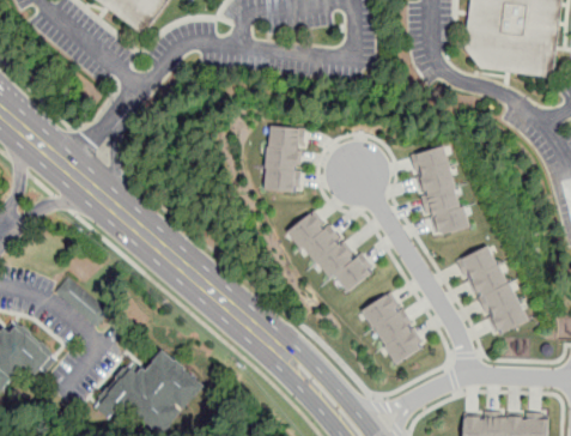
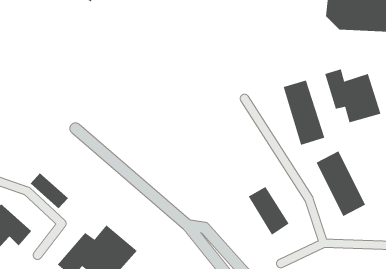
building: [262,123,303,192] -> none
building: none -> [325,69,381,123]
building: [286,211,371,290] -> none

